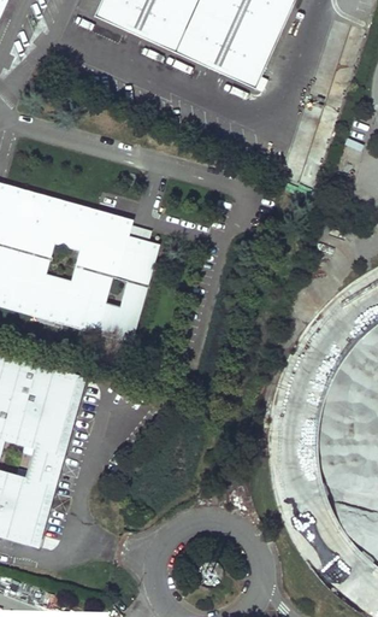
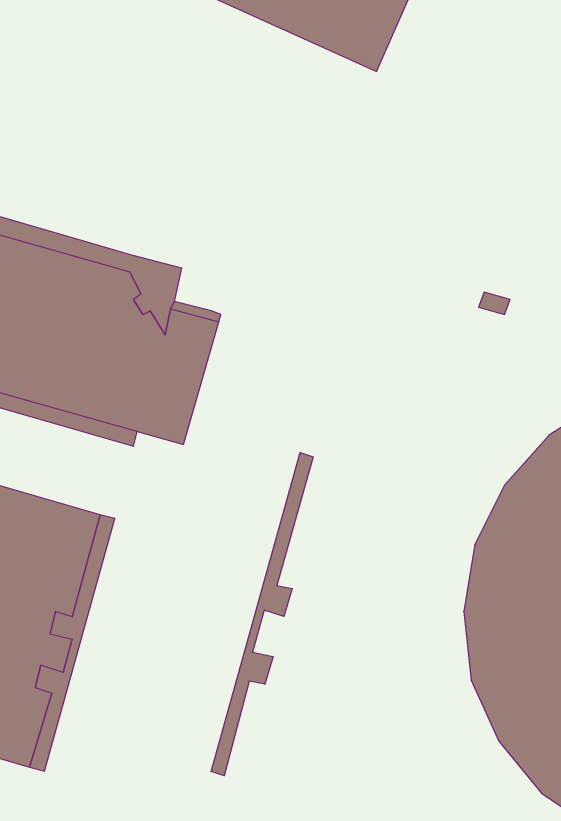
building: none -> [211,453,313,776]

